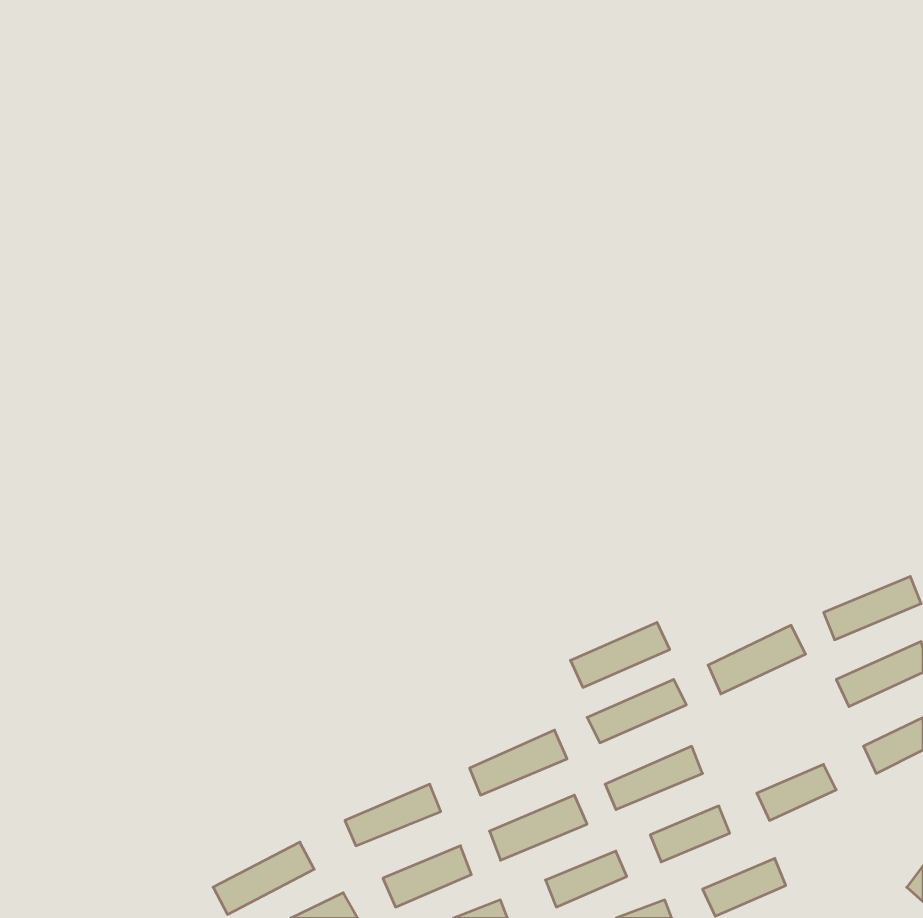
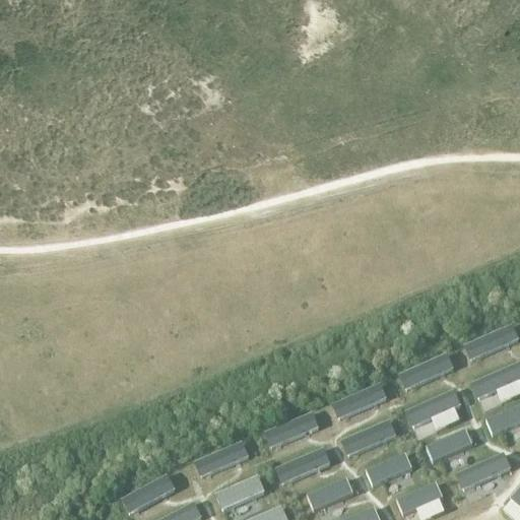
building: [570,622,670,687] -> [404,389,460,426]
building: none -> [454,452,510,490]

